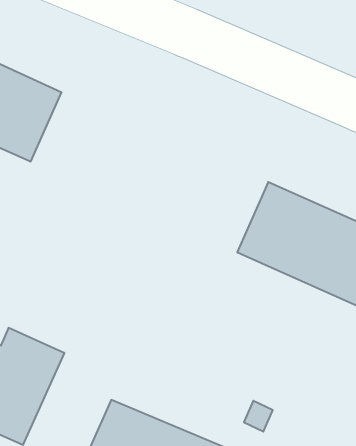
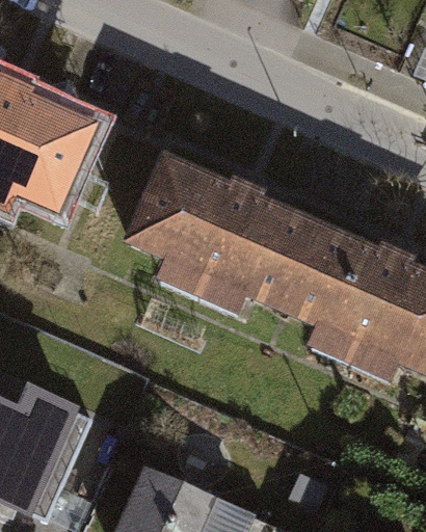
building: none -> [135,164,319,308]

